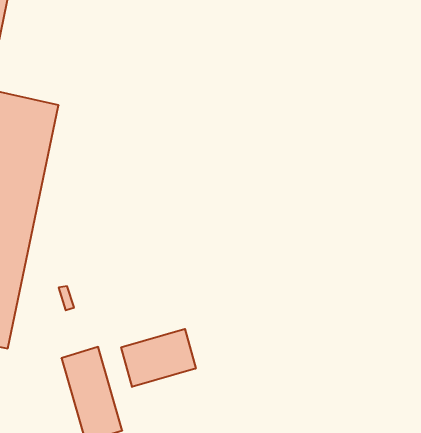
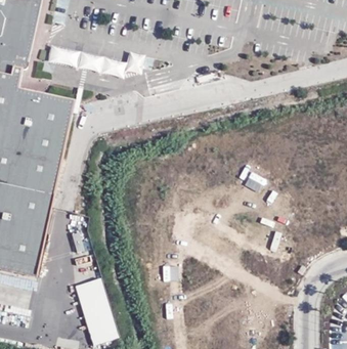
building: [121,329,196,387] -> none

